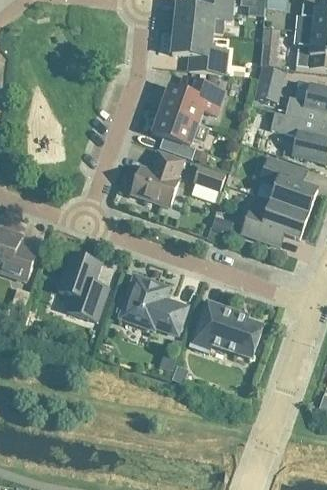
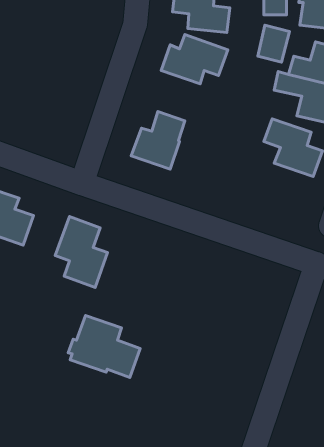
building: [152,110,198,159] -> none
building: [192,164,225,191] -> none
building: [241,200,308,246] -> none
building: [117,274,187,334] -> [68,316,140,377]
building: [189,299,263,357] -> none

